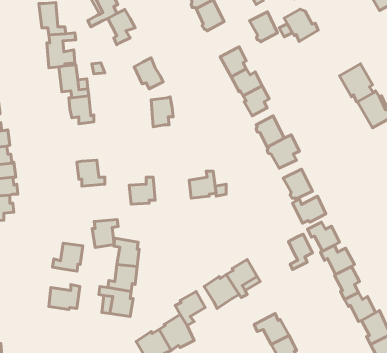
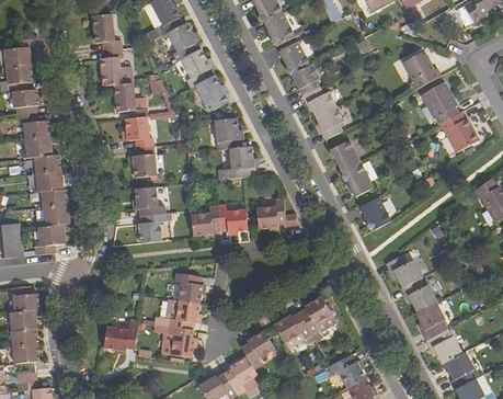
building: [284,9,318,41] -> [402,52,439,87]
building: [249,12,277,42] -> [278,41,309,73]
building: none -> [181,48,210,87]
building: none -> [133,145,156,178]
building: none -> [229,146,253,178]
building: none -> [217,203,248,231]
building: [293,196,326,223] -> none
building: [92,219,118,247] -> [137,213,165,243]
building: [289,234,312,269] -> none
building: [53,243,83,271] -> none

